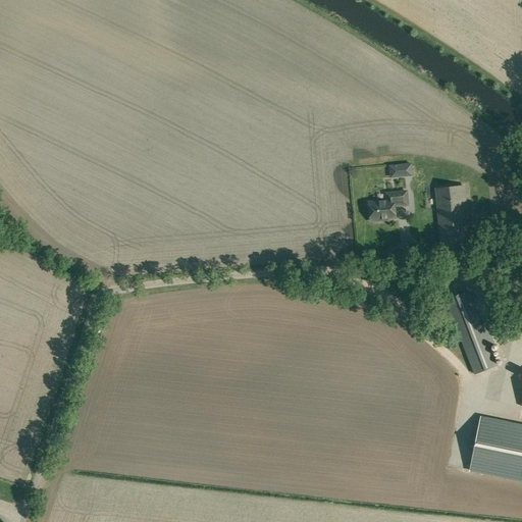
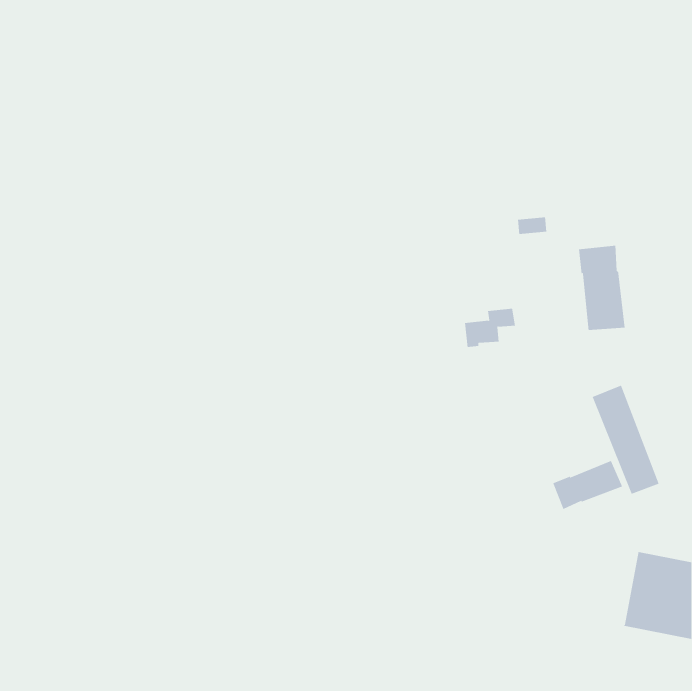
building: [369,191,408,220] -> [464,308,516,347]
building: none -> [552,460,623,510]

